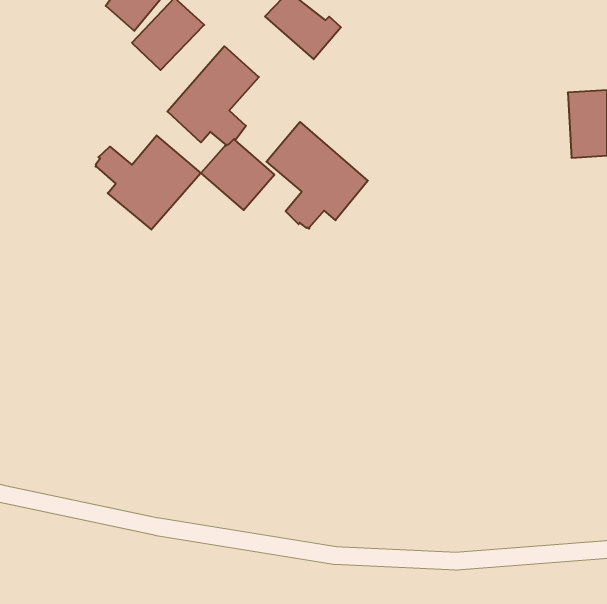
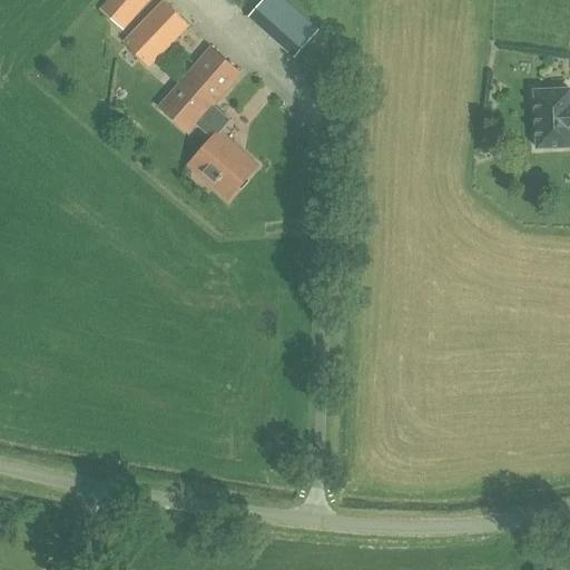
building: [266,122,368,229] -> none
building: [95,135,201,230] -> none

